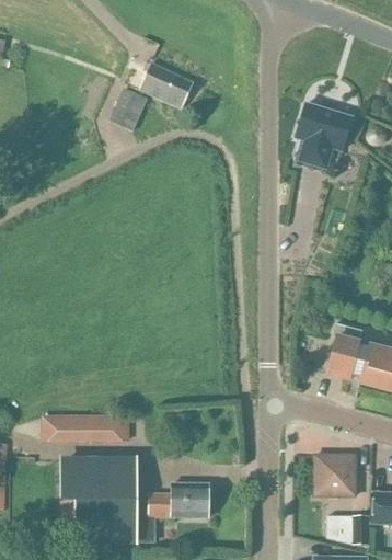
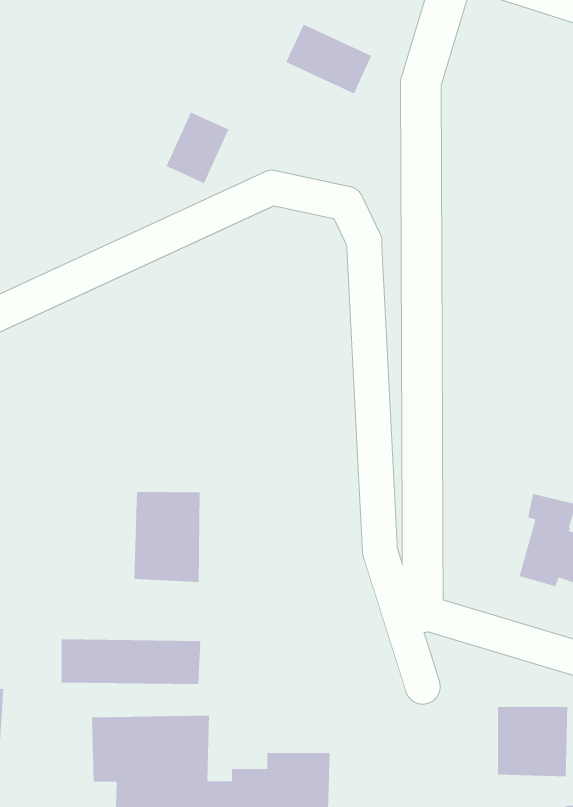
building: [139,64,193,107] -> [285,23,372,94]
building: [296,103,351,168] -> none
building: none -> [134,491,201,583]

